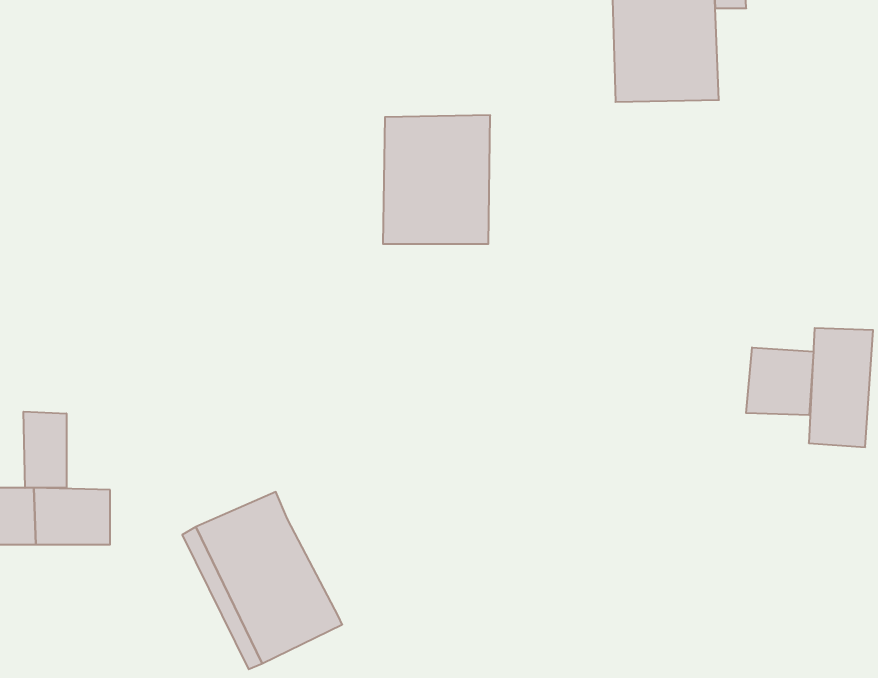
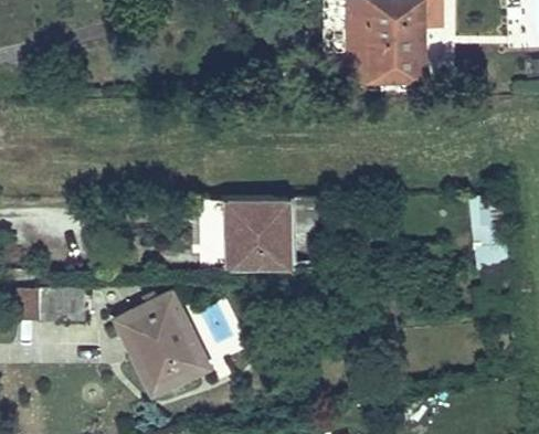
building: [383,115,490,244] -> [224,197,285,269]
building: [746,347,813,415] -> none
building: [24,412,66,488] -> none

